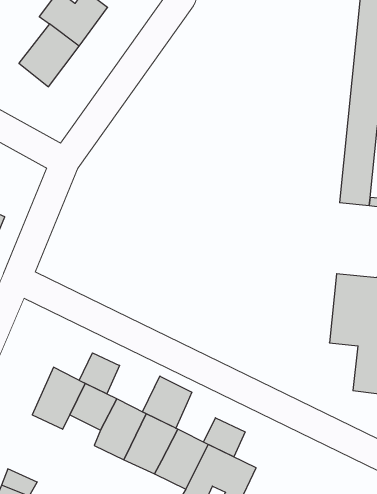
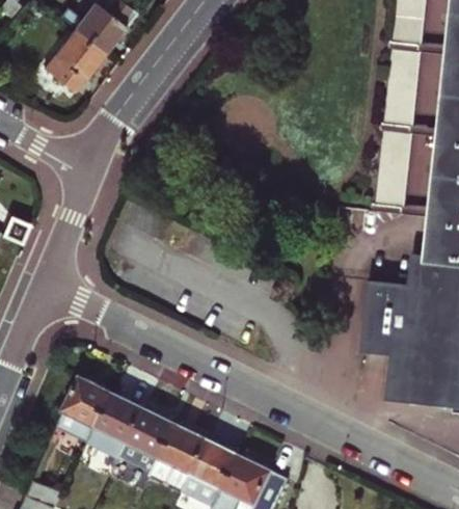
building: [79,353,120,394] -> none
building: [142,376,192,428] -> none
building: [204,418,245,457] -> none

